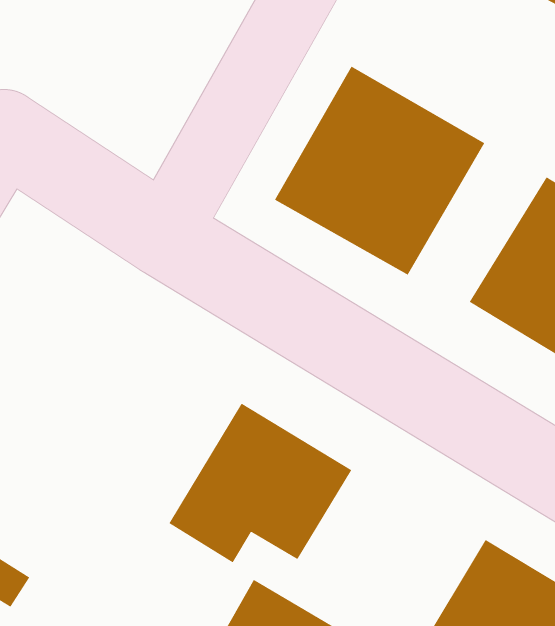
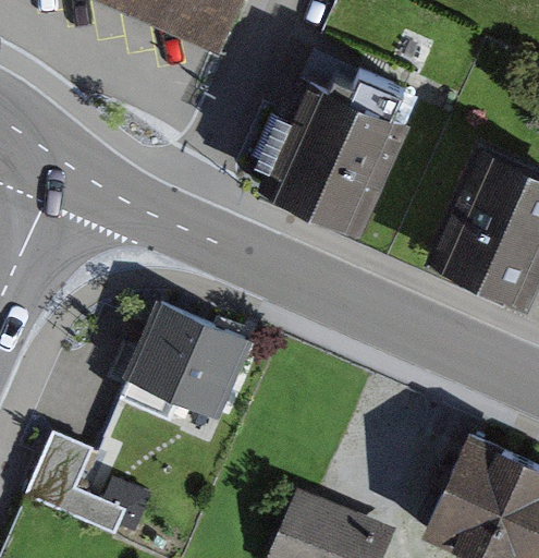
building: [169,403,352,563] -> [117,296,252,420]

